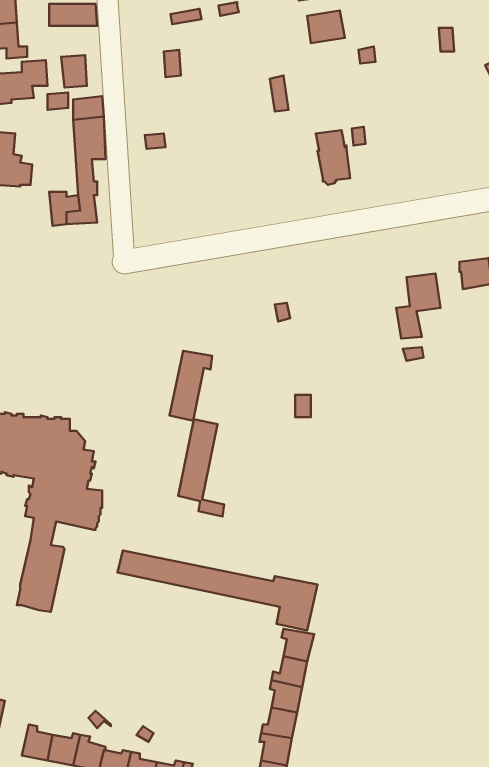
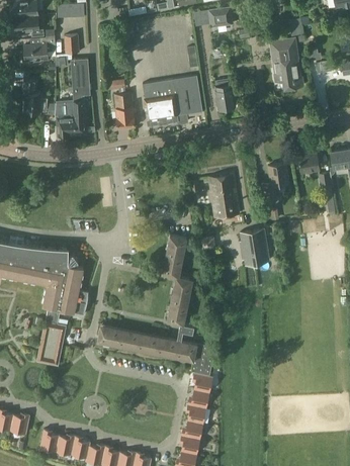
building: none -> [271,39,303,89]
building: none -> [143,76,203,125]
building: none -> [114,93,136,128]
building: none -> [208,175,240,218]
building: [170,351,224,516] -> [162,236,194,334]
building: none -> [241,229,269,265]

